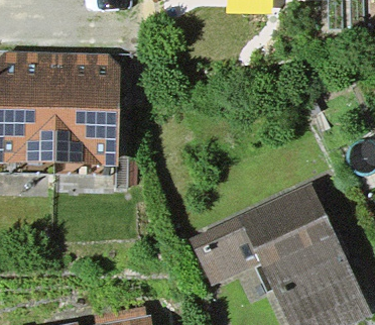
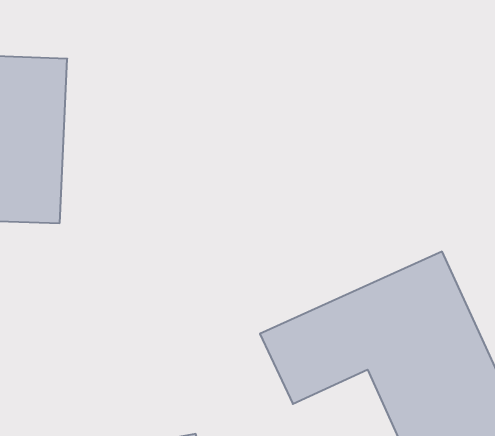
building: [53,52,118,166] -> none

